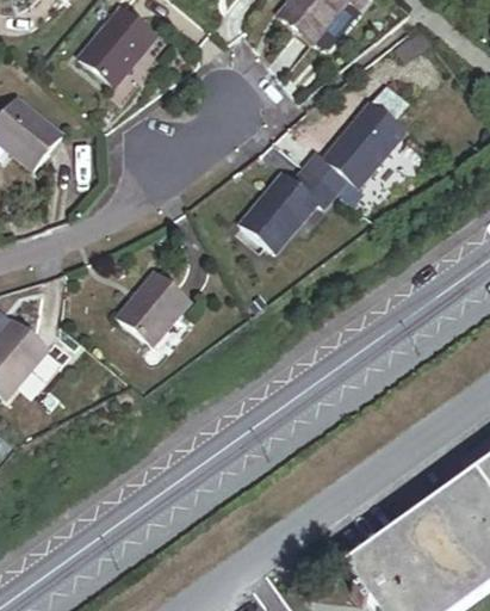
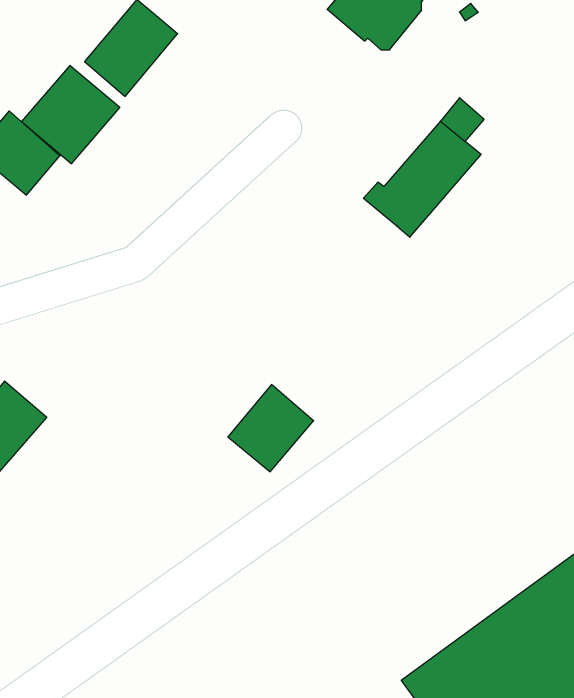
building: none -> [22,65,120,164]
building: [241,168,335,251] -> none
building: [118,272,188,344] -> [228,385,314,472]

